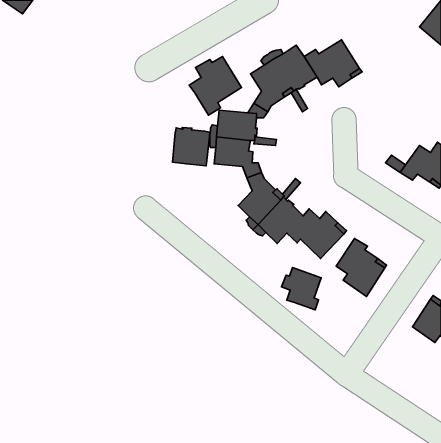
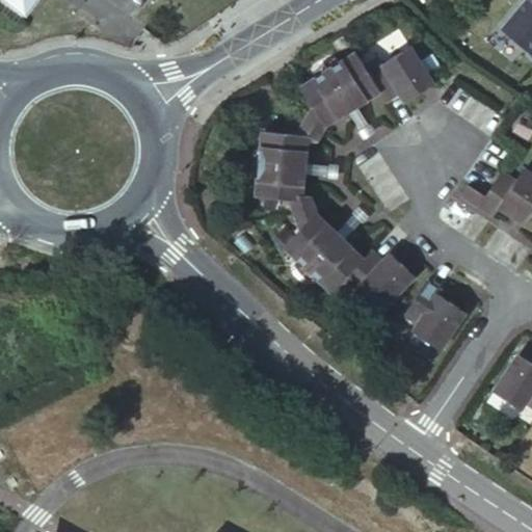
building: [189,56,241,115] -> none
building: [172,127,210,166] -> none
building: [282,268,321,310] -> none

